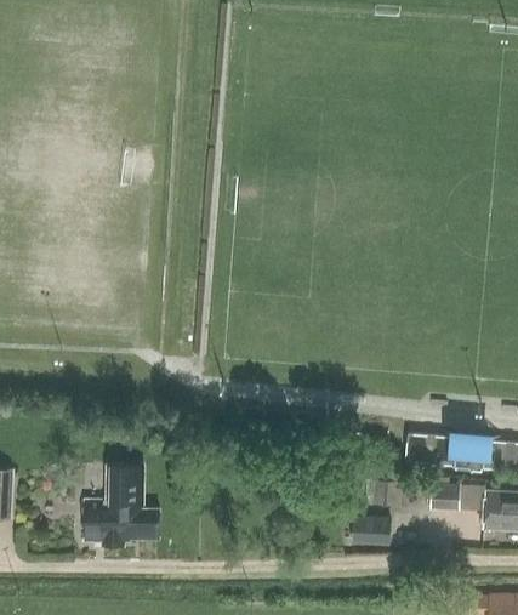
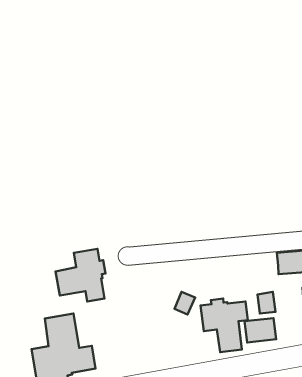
building: none -> [56,249,105,301]
building: none -> [200,299,248,352]

